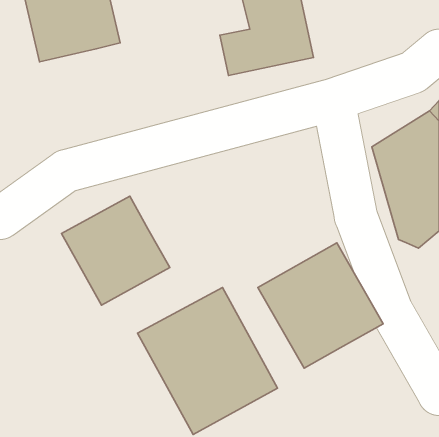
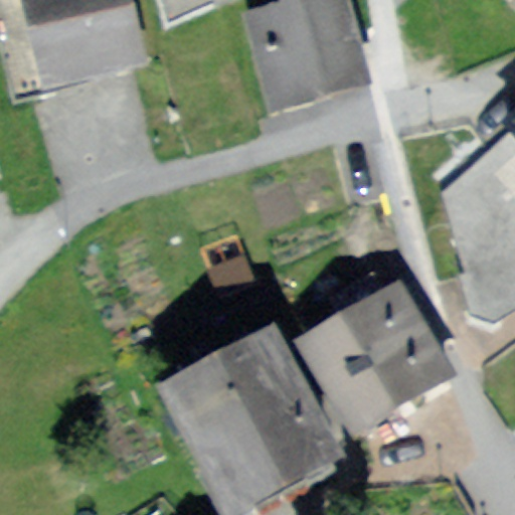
building: [62,196,170,305] -> none

